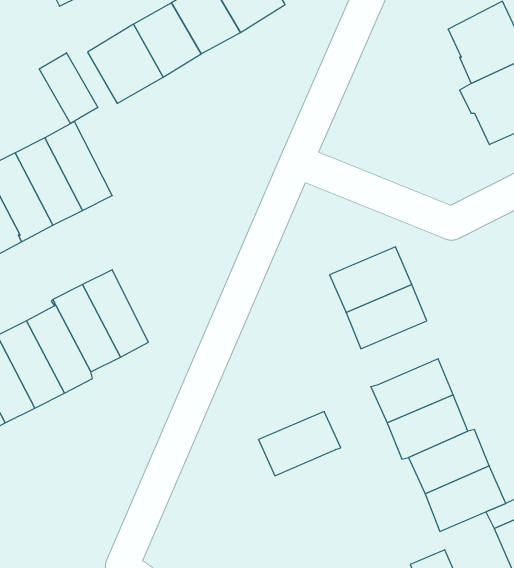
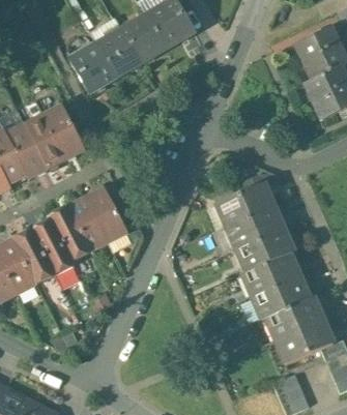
building: [39,53,98,124] -> none
building: none -> [85,185,127,241]
building: [258,412,341,476] -> [241,228,293,268]

